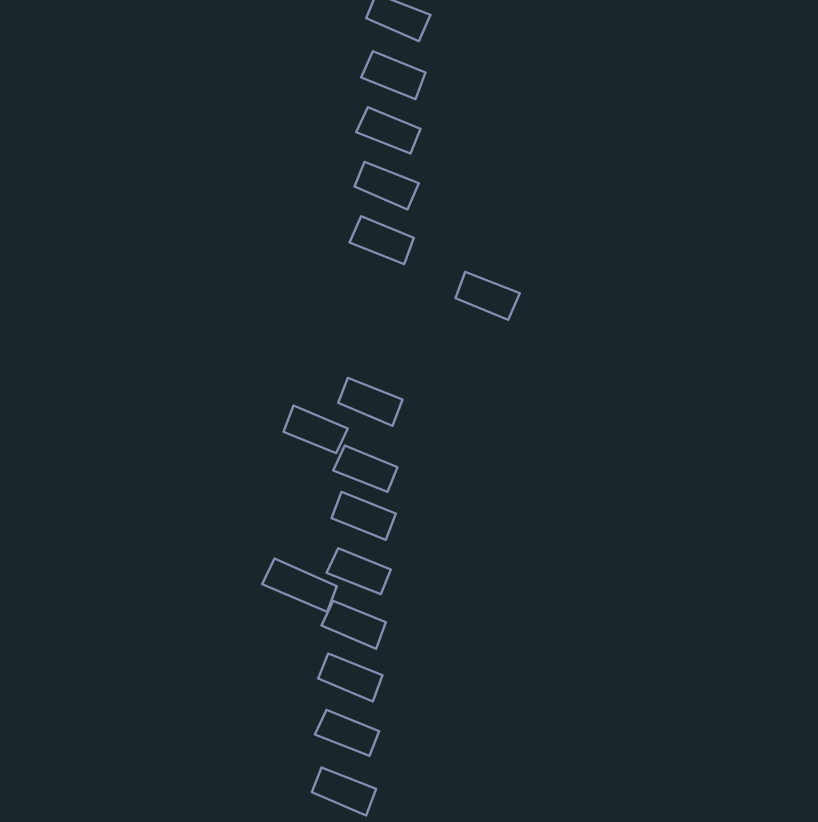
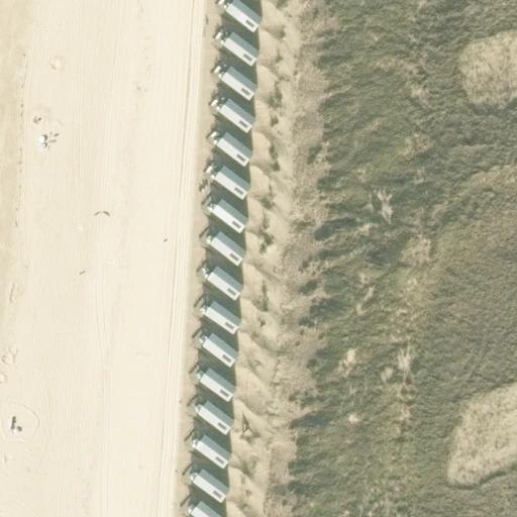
building: [455,272,520,320] -> [213,164,252,193]
building: [284,405,348,453] -> [210,198,249,227]
building: [262,559,337,612] -> none

